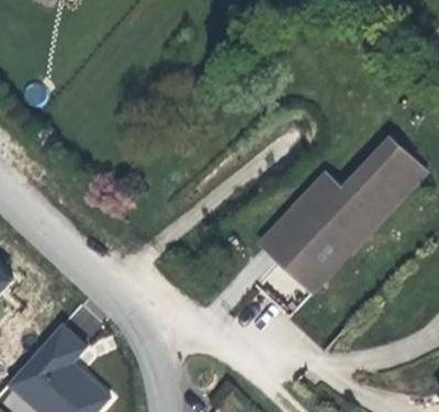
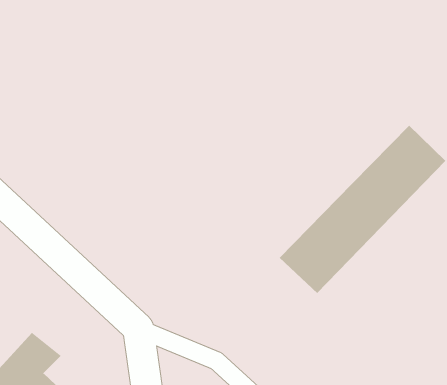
building: [261,177,342,259] -> none

